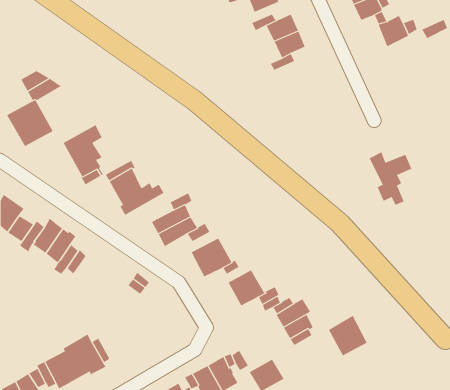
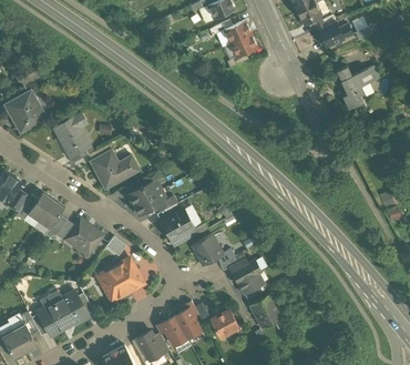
building: [369,152,412,206] -> [337,67,373,112]
building: none -> [68,219,103,255]
building: none -> [104,258,141,300]
building: [328,315,368,356] -> [249,294,283,328]

